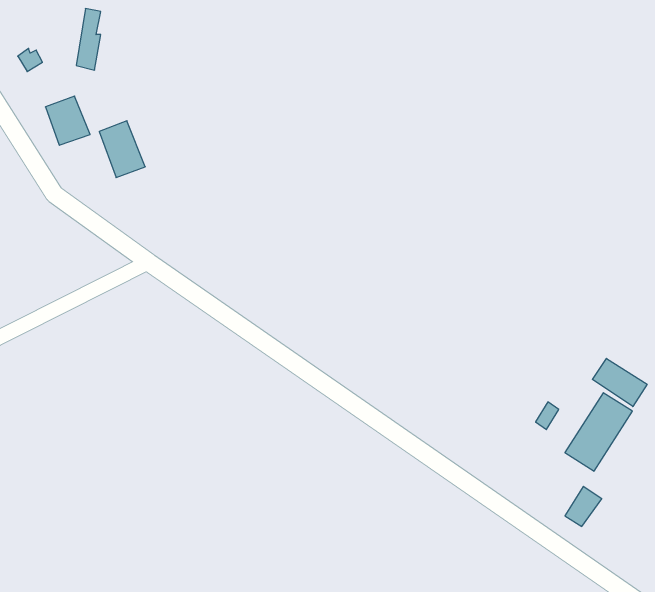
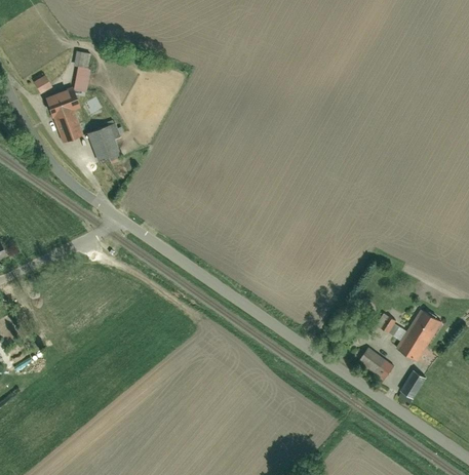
building: none -> [44,90,73,117]
building: [592,358,647,407] -> none
building: none -> [361,350,394,380]

